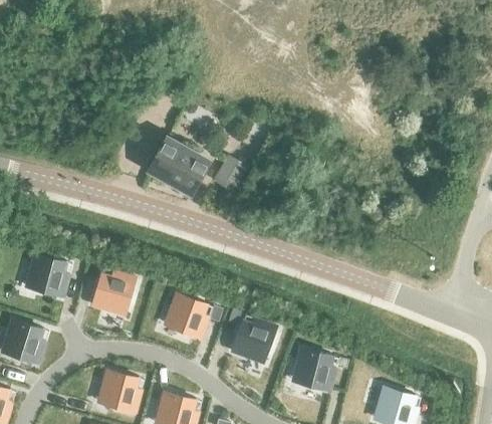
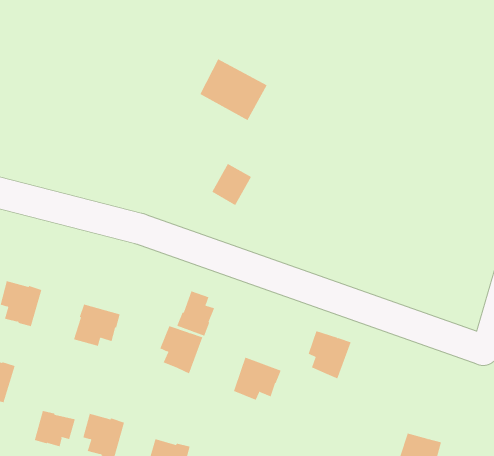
building: [150,139,209,193] -> [199,58,267,121]
building: none -> [177,290,215,337]
building: [297,348,335,390] -> [308,331,352,379]
building: none -> [34,410,75,447]

